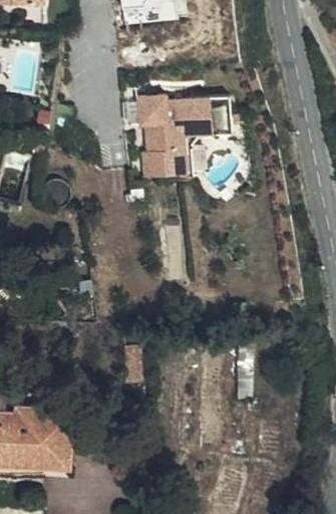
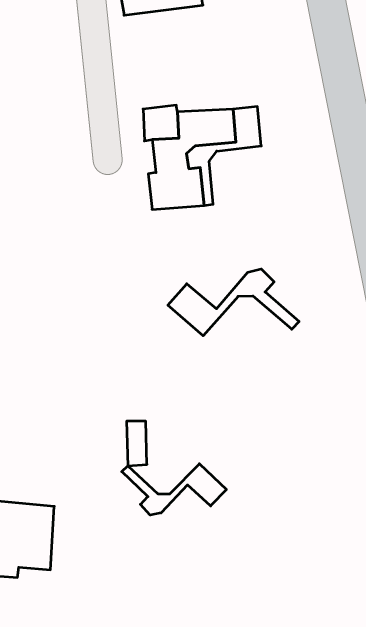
building: none -> [168,269,299,336]
building: none -> [122,464,226,515]

